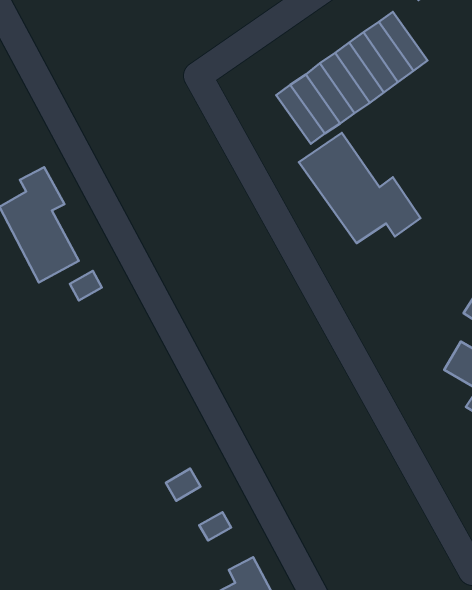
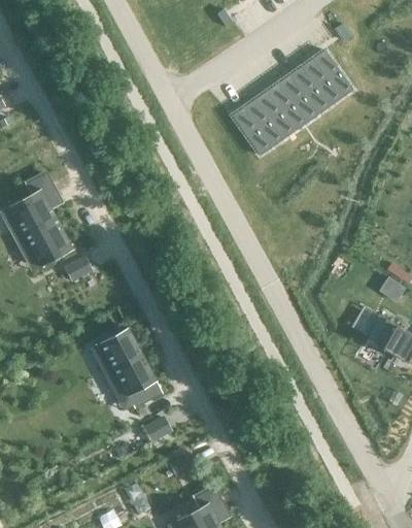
building: [299,133,421,243] -> none
building: none -> [96,326,159,404]

